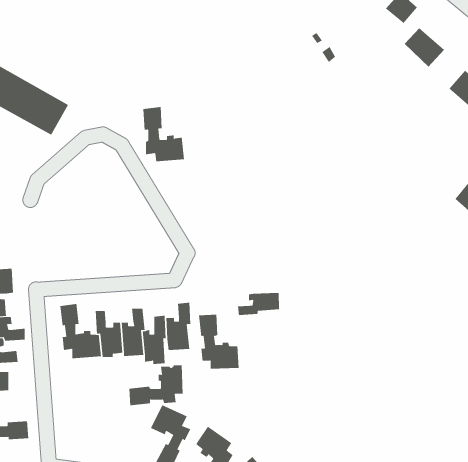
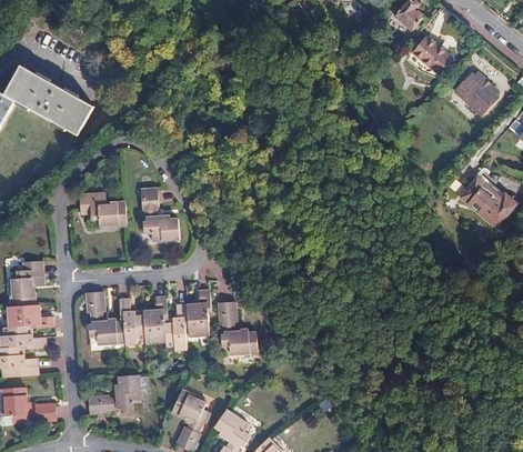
building: [143,107,185,162] -> [141,189,181,241]
building: none -> [80,195,127,229]
building: [237,292,279,316] -> none
building: [128,365,184,406] -> [88,375,140,414]

